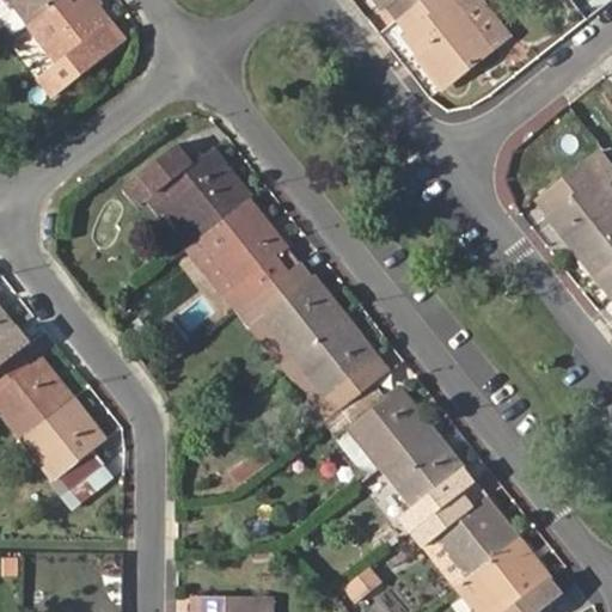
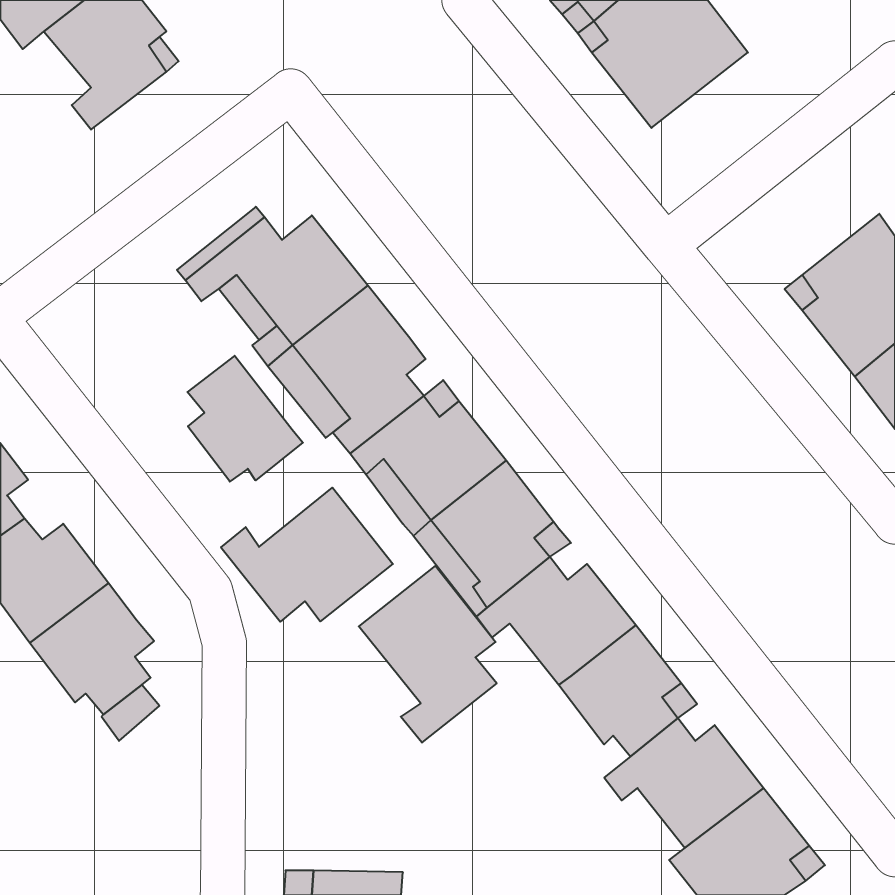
building: none -> [187,356,303,482]
building: none -> [221,488,393,622]
building: none -> [359,566,497,743]

